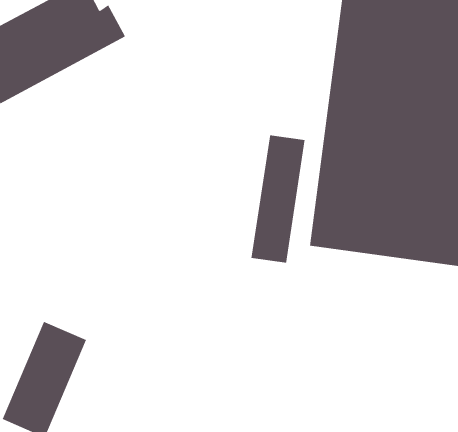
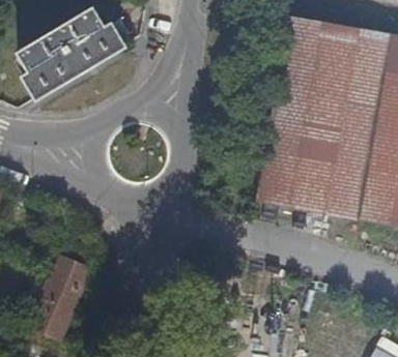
building: [251,134,305,264] -> none

